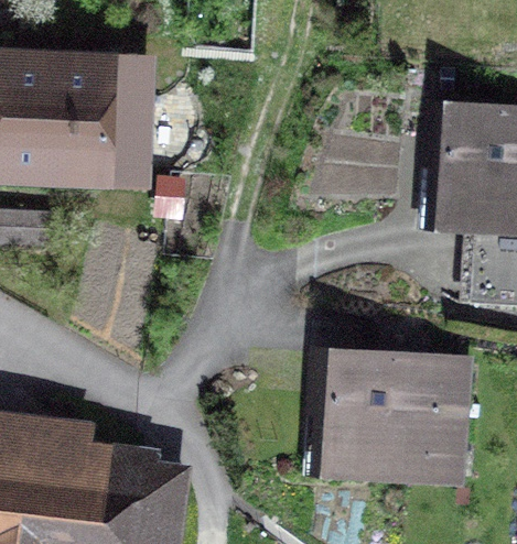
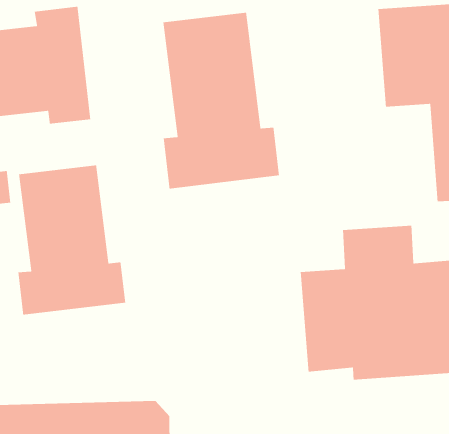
building: none -> [163,12,280,189]
building: none -> [17,165,126,316]

